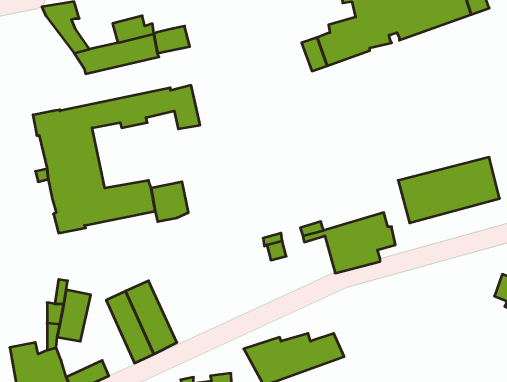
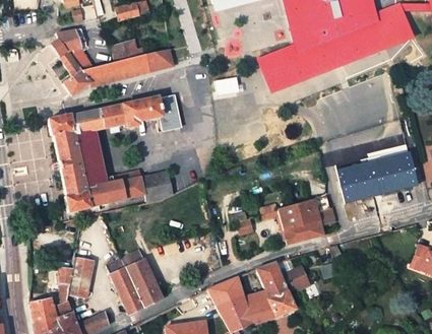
building: none -> [42,41,89,95]
building: none -> [257,261,310,297]
building: none -> [207,277,245,304]

